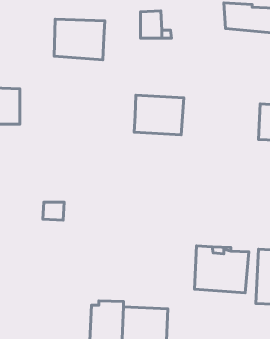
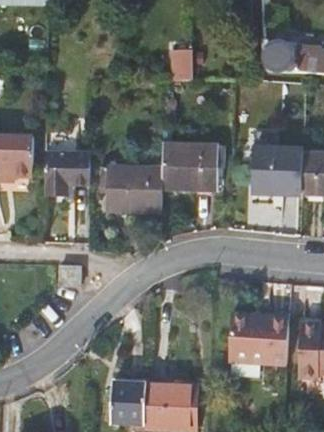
building: [54,19,105,60] -> [105,164,162,210]
building: none -> [251,148,303,193]
building: none -> [45,152,91,198]

